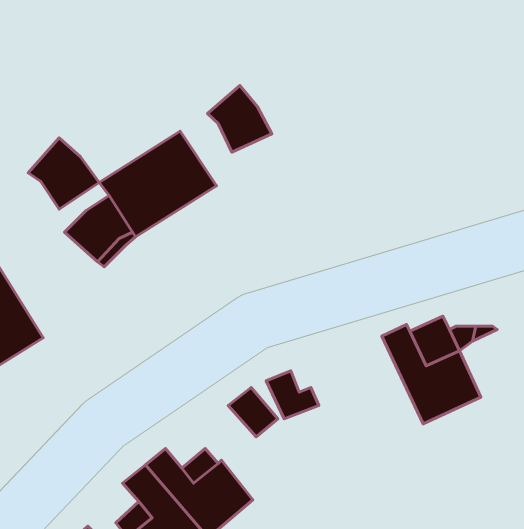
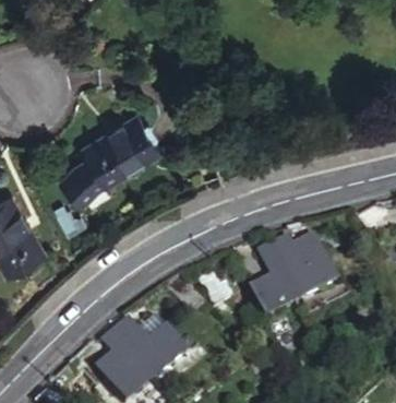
building: [207,86,272,152] -> none
building: [28,138,99,209] -> none
building: none -> [247,242,300,318]

